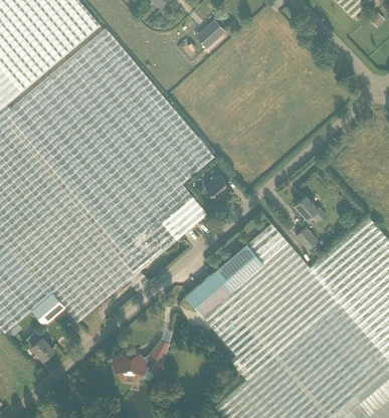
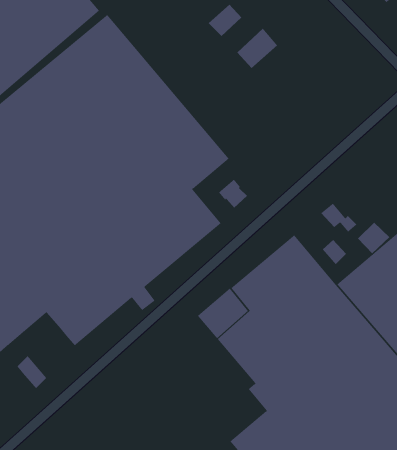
building: none -> [236,28,278,69]
building: none -> [357,222,390,254]
building: [32,293,64,325] -> none
building: [114,342,168,381] -> none

